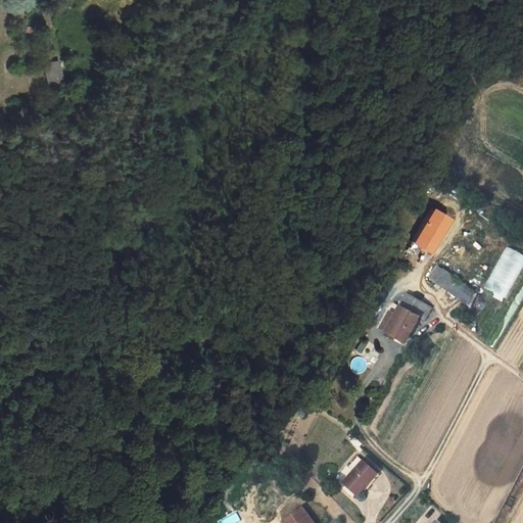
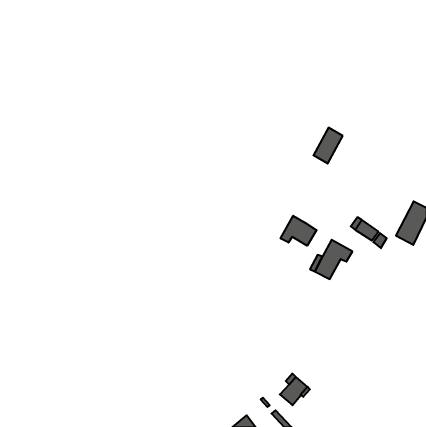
building: [412,207,447,251] -> [313,128,343,164]
building: none -> [281,216,317,246]

